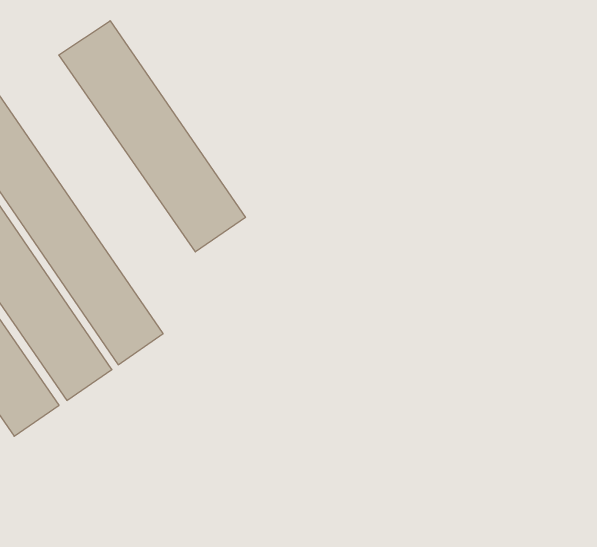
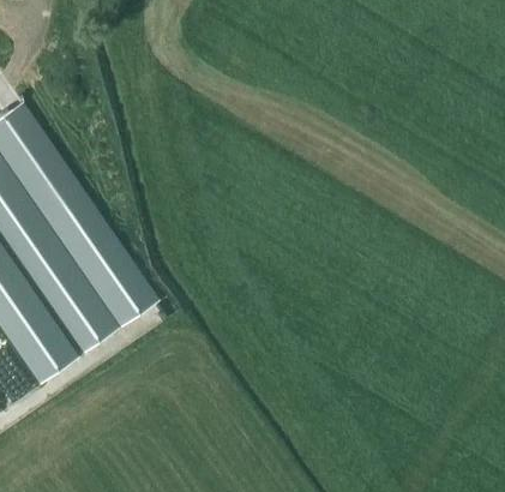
building: [59,21,245,252] -> none

